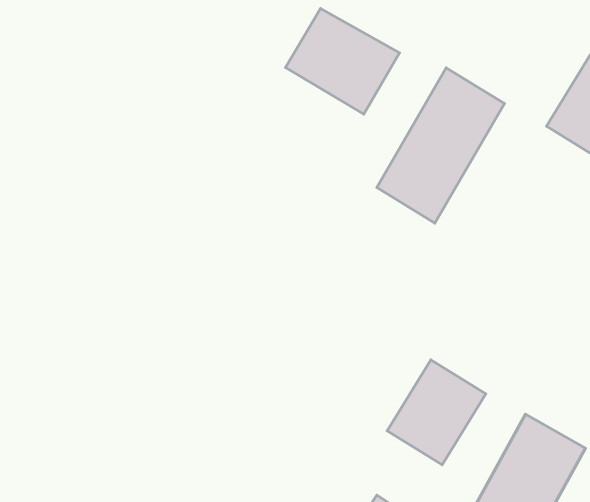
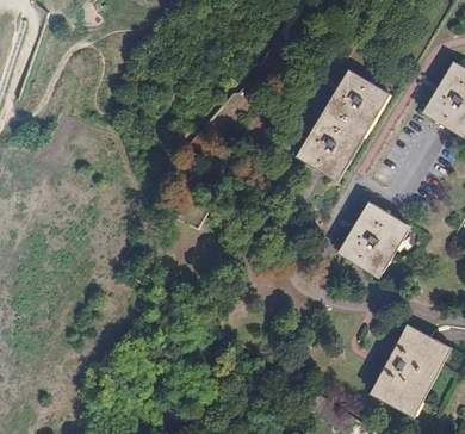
building: [286,8,399,114] -> none
building: [387,360,486,465] -> [336,202,409,279]

